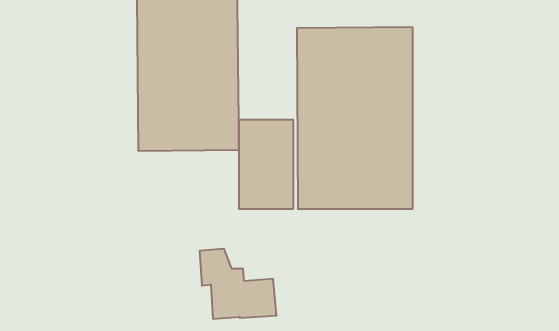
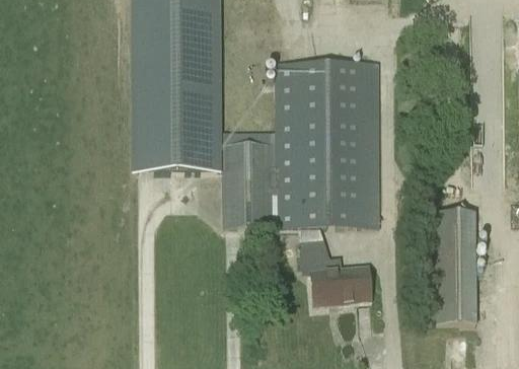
building: none -> [426,213,476,323]
building: [200,249,277,319] -> [301,239,371,303]

